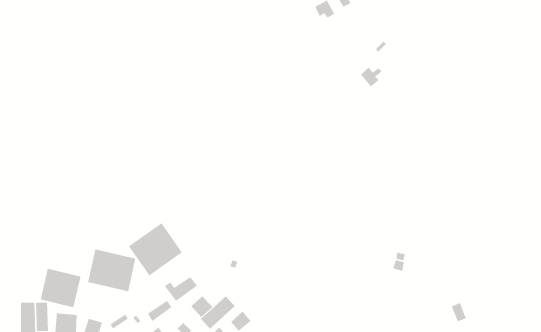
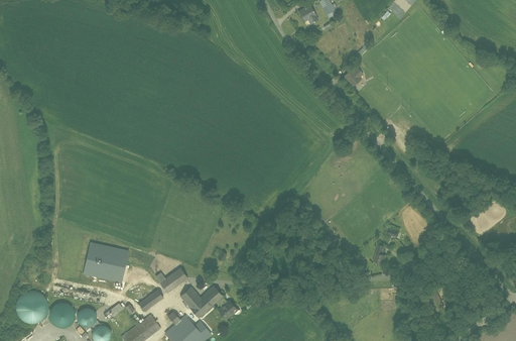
building: [128,222,183,277] -> none
building: [40,268,81,308] -> none

